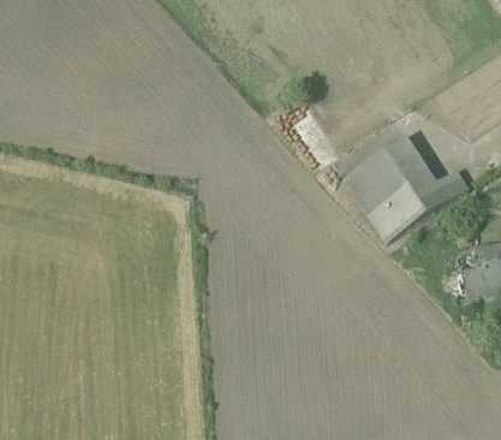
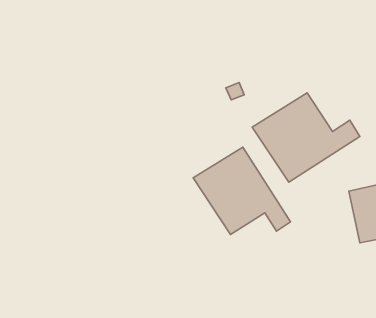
building: none -> [193,147,291,235]

